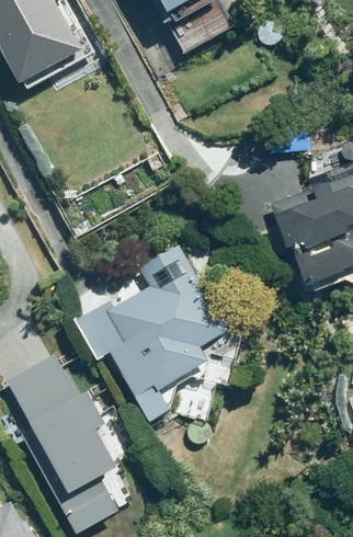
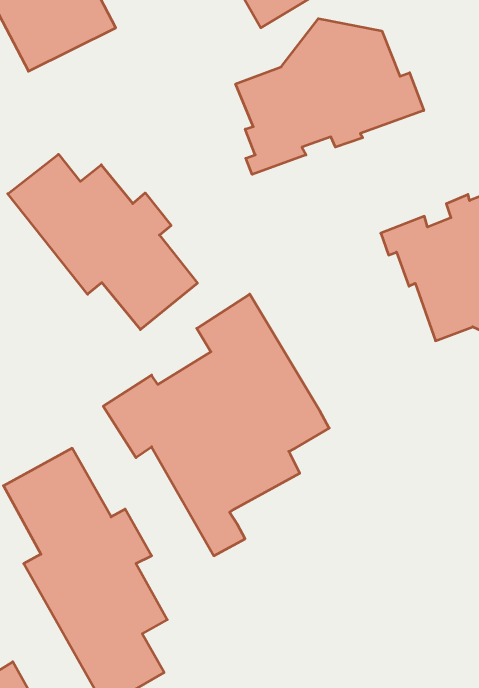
building: none -> [236,19,424,174]
building: none -> [8,154,197,330]

